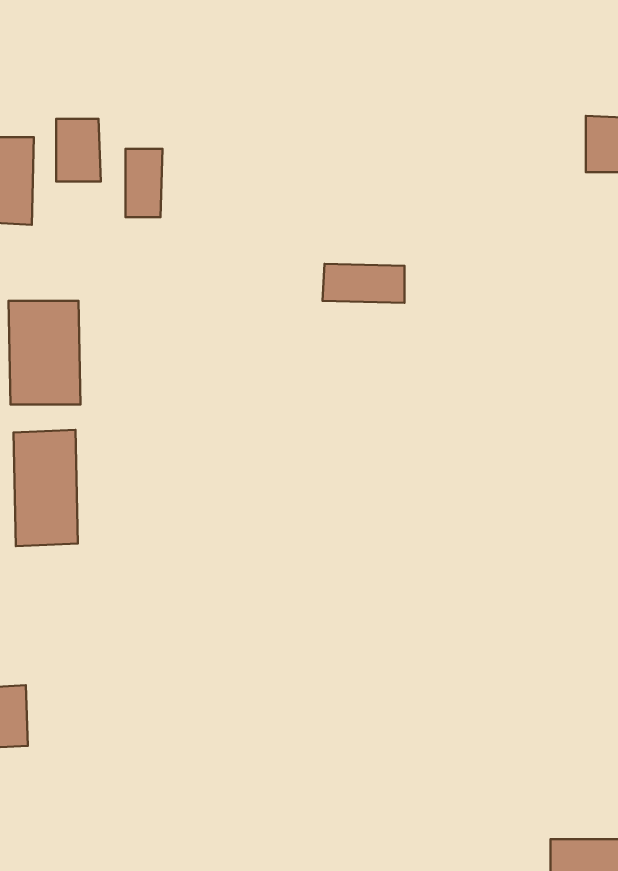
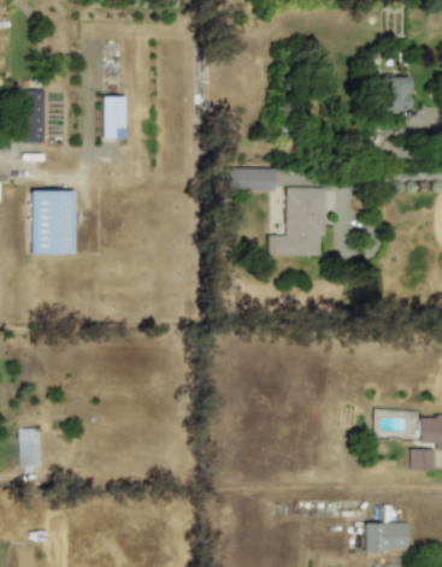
building: [56,119,101,181] -> none
building: none -> [269,187,326,256]
building: [14,430,78,546] -> none

